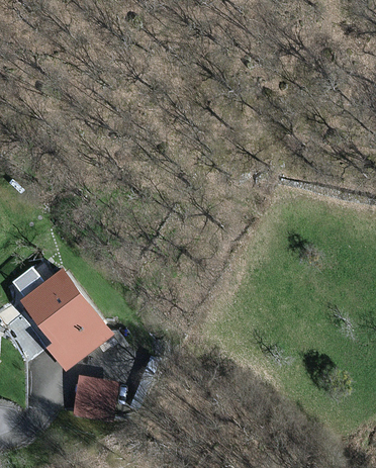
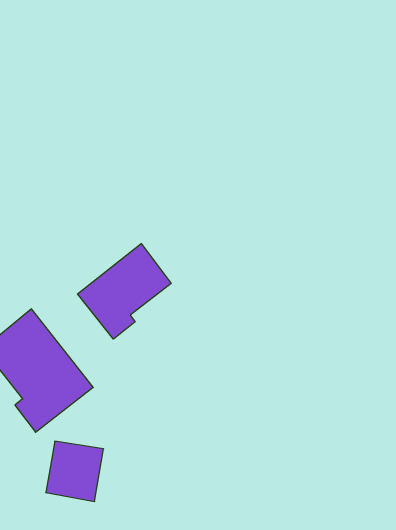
building: none -> [78,244,171,339]

